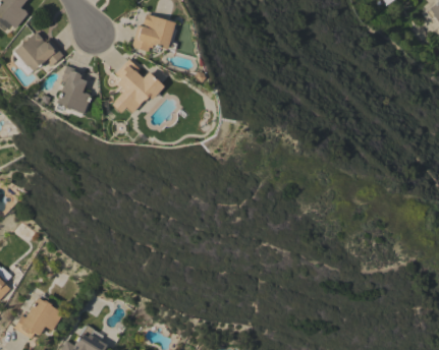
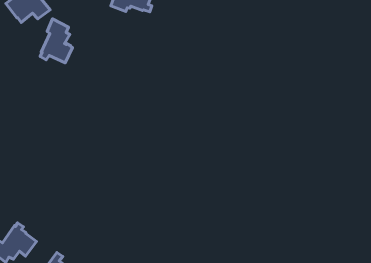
building: [112,58,164,113] -> none

